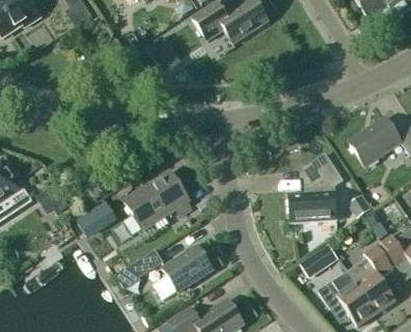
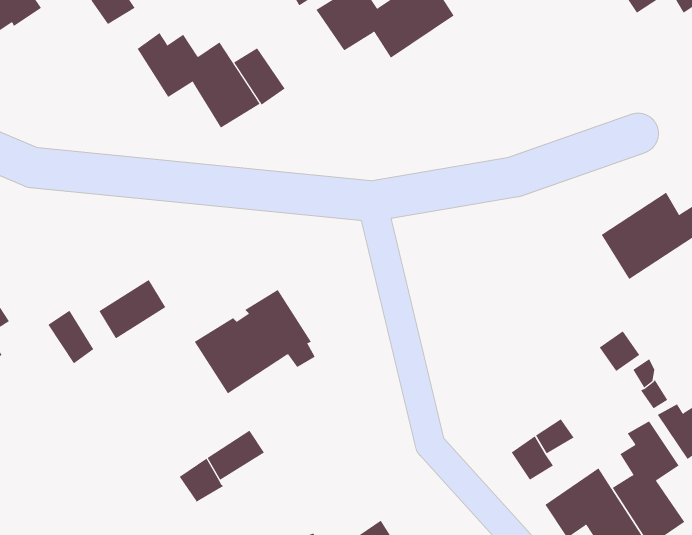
building: none -> [137,32,260,128]
building: [289,153,342,222] -> none
building: [78,202,115,236] -> [99,279,166,339]
building: [153,245,213,299] -> none

